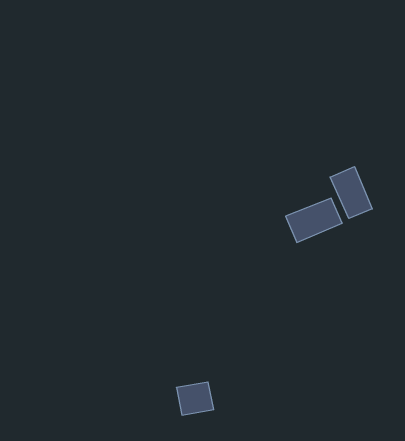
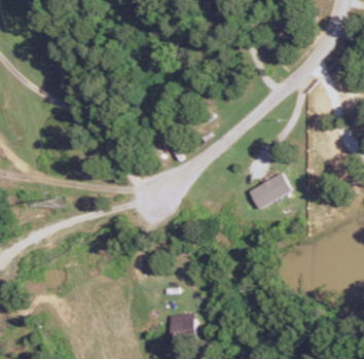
building: [330,167,372,218] -> none

